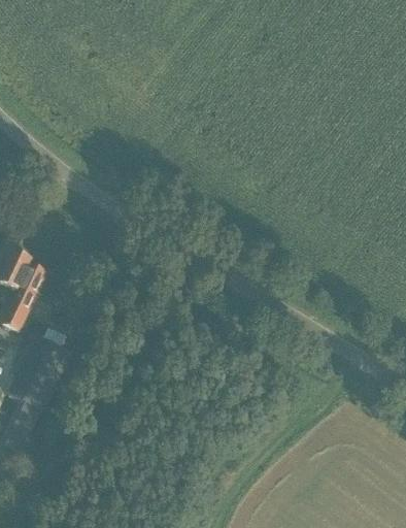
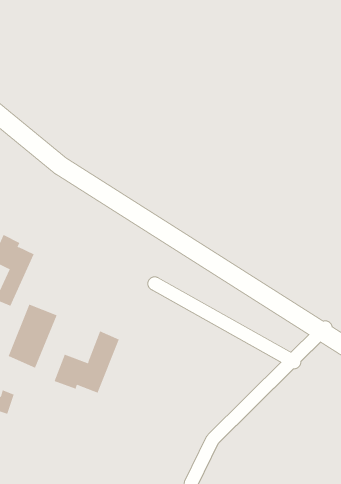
building: none -> [54,331,119,393]

